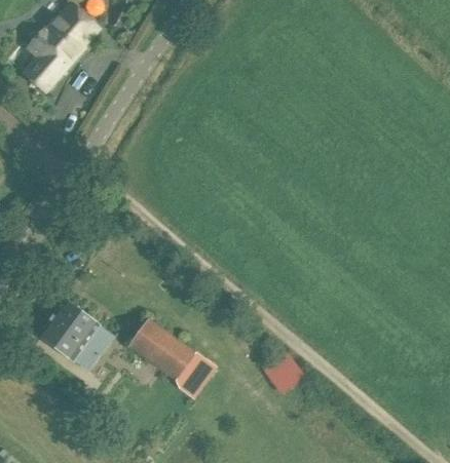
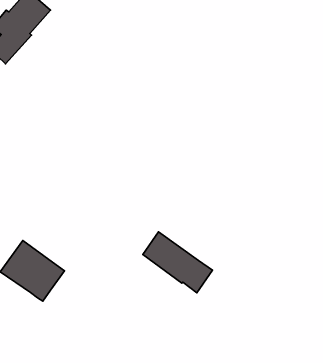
building: [128,319,211,391] -> [143,232,212,293]

